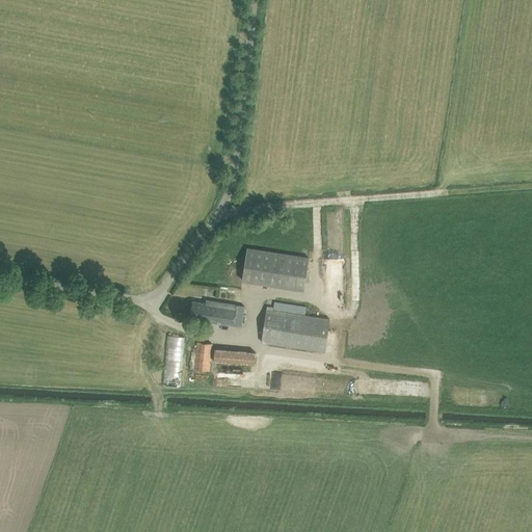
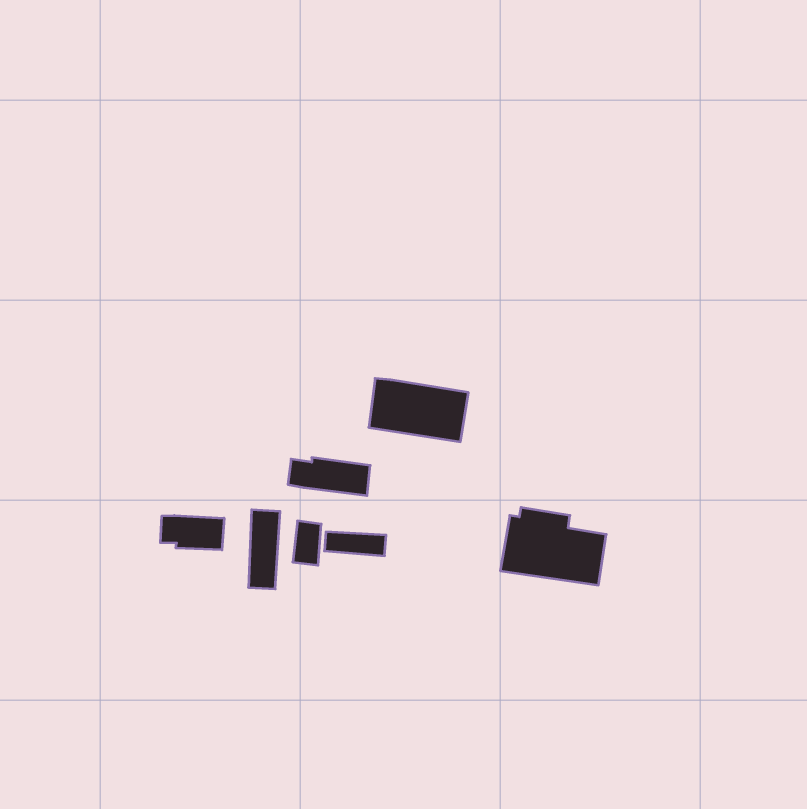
building: [260,301,329,352] -> [500,507,606,585]
building: none -> [160,515,224,550]

